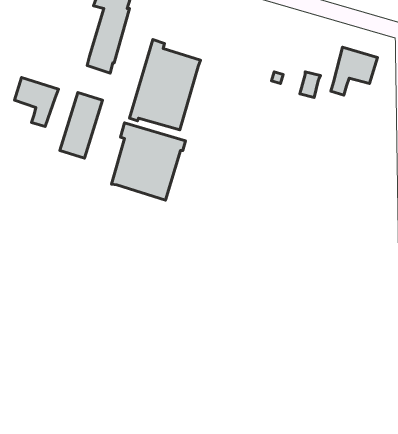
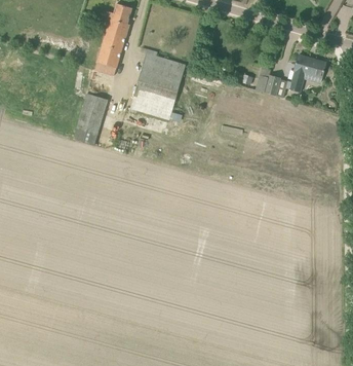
building: [15,78,58,127] -> none
building: [111,123,186,200] -> none

